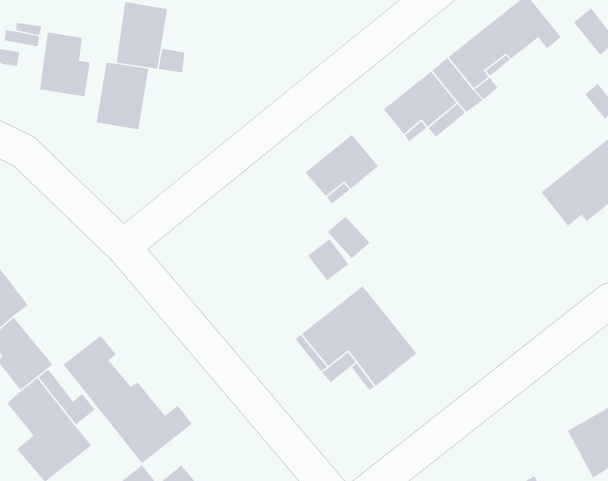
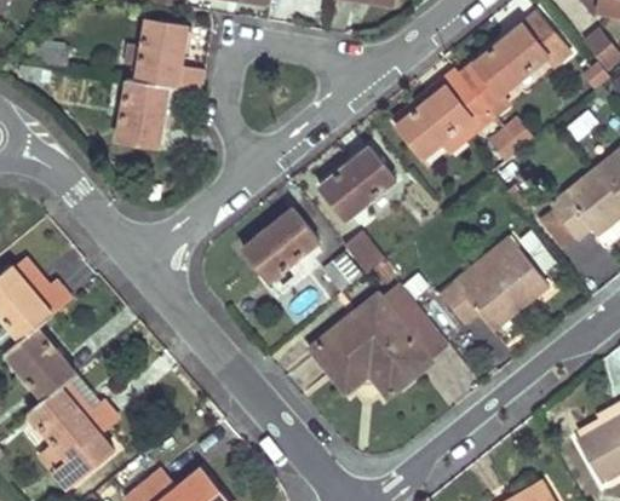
building: [39,32,90,97] -> none
building: none -> [486,113,535,159]
building: none -> [243,208,317,278]
building: none -> [440,235,549,330]
building: none -> [378,278,452,362]
building: [63,335,193,464] -> none

